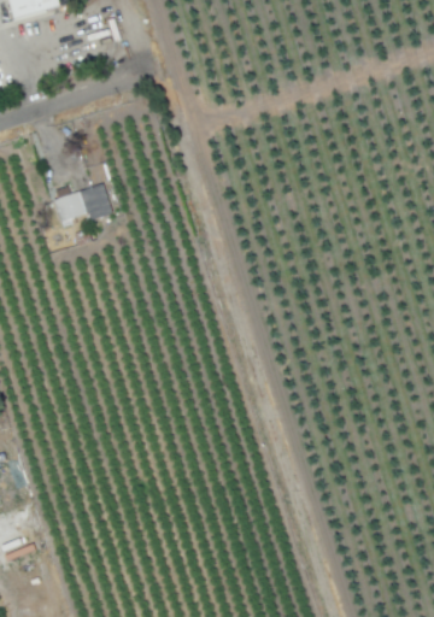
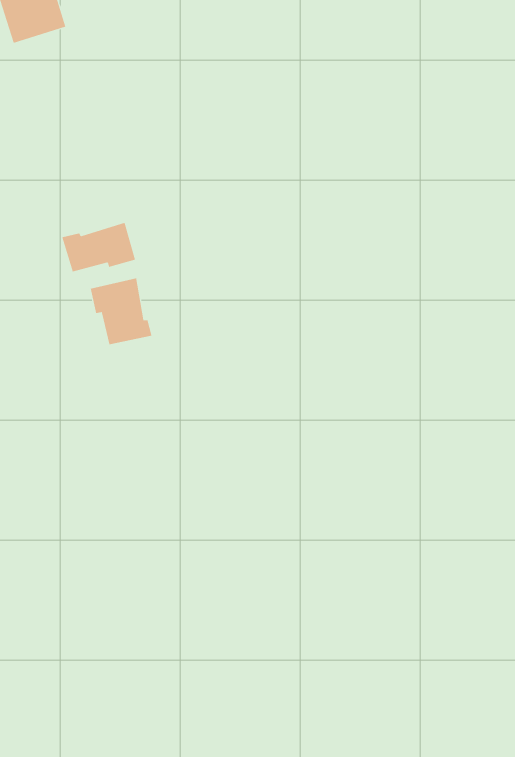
building: none -> [90,278,152,345]

